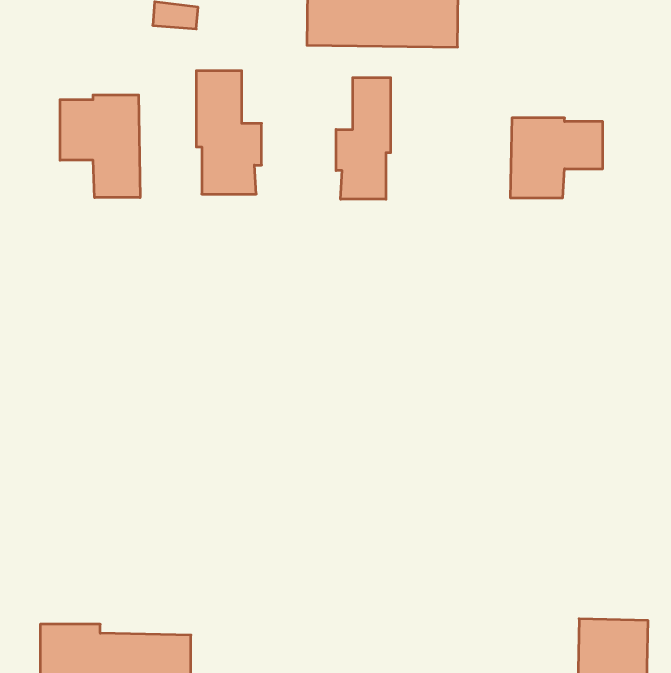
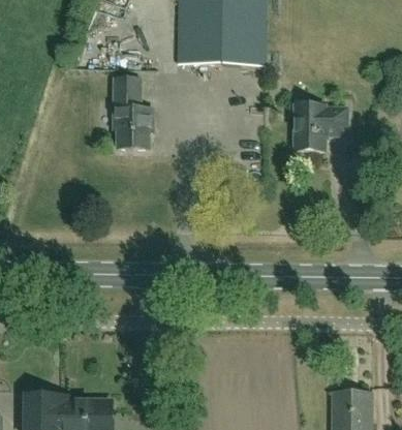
building: [336,78,391,199] -> none
building: [60,95,140,198] -> none

